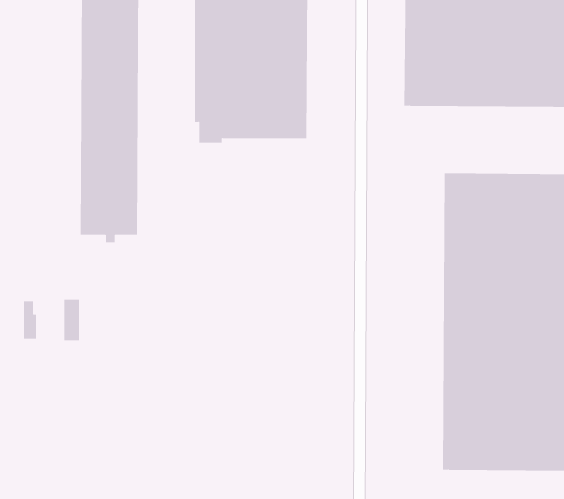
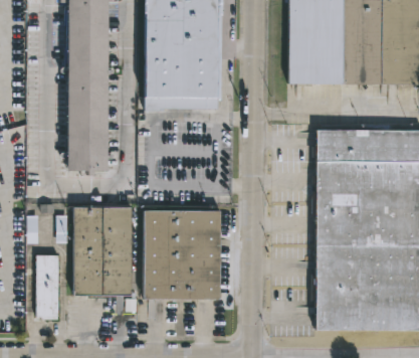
building: none -> [74,207,133,297]
building: none -> [142,211,220,302]
building: none -> [37,254,59,317]

